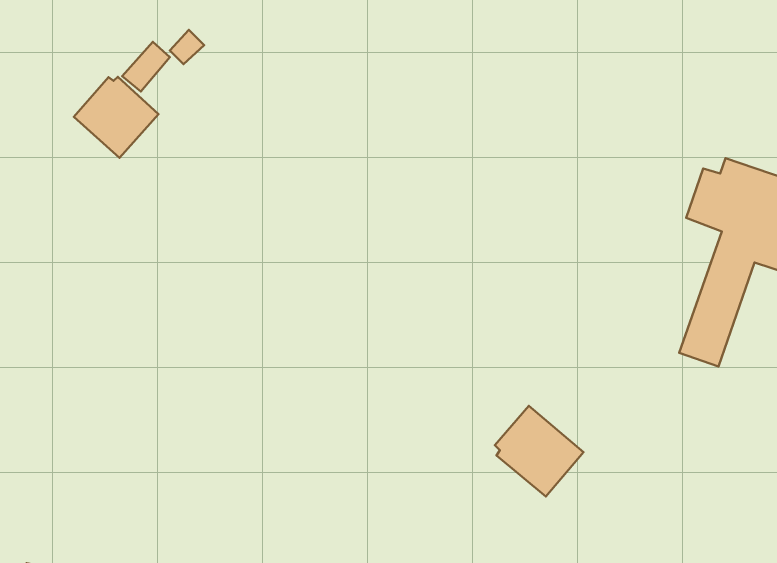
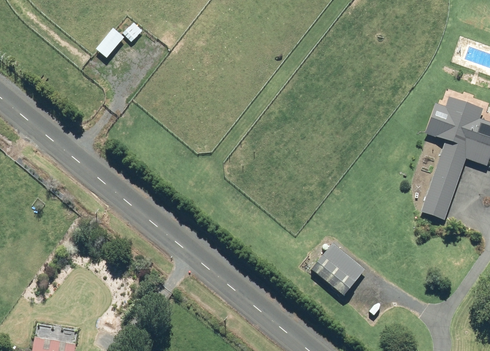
building: [74,77,158,158] -> none

